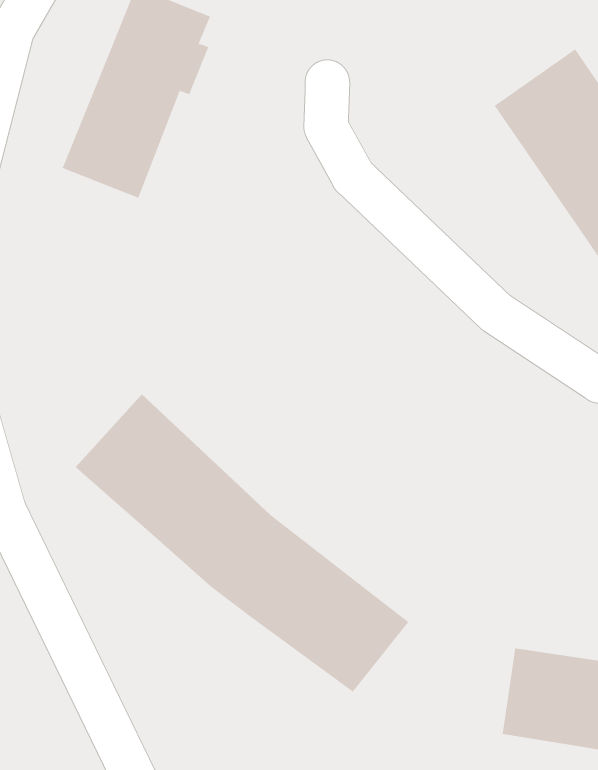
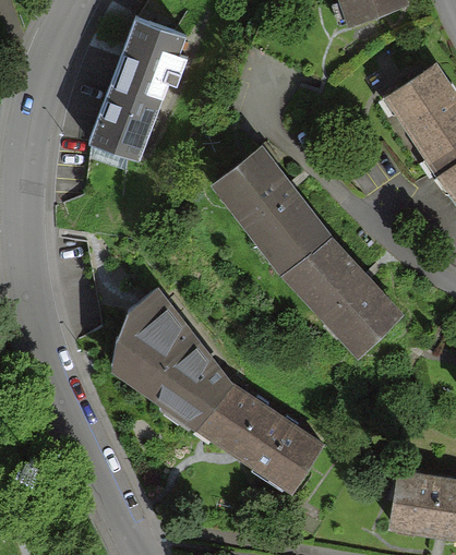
building: none -> [213,150,399,357]

